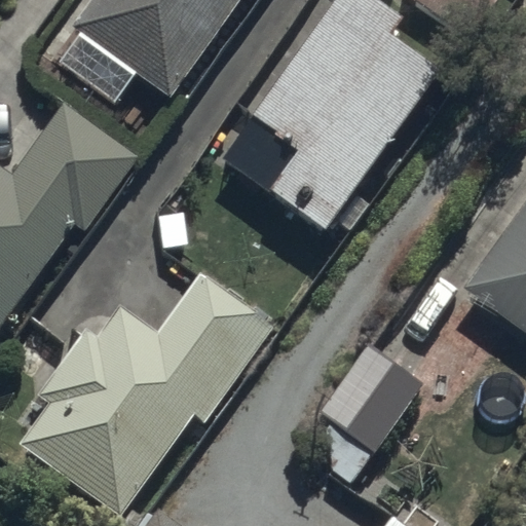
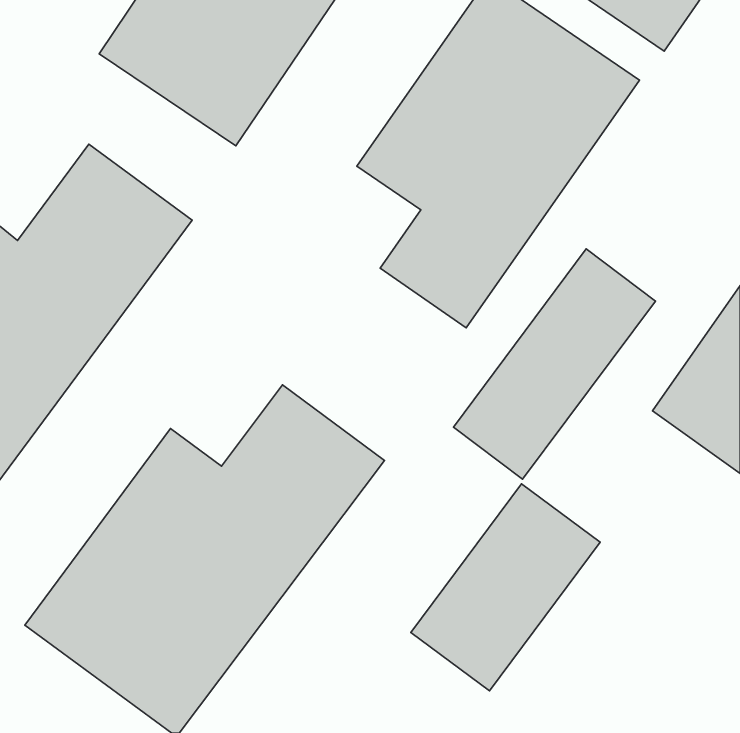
building: none -> [453,249,655,479]

